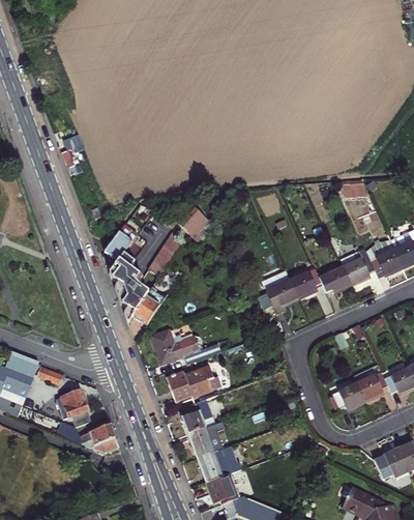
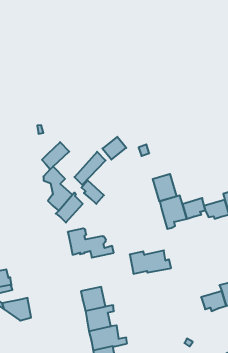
building: none -> [153,174,177,201]
building: none -> [81,180,104,204]
building: [167,366,221,401] -> [130,250,171,274]

